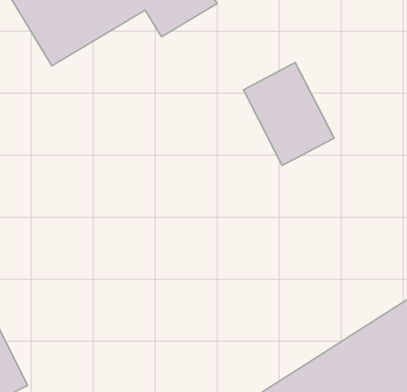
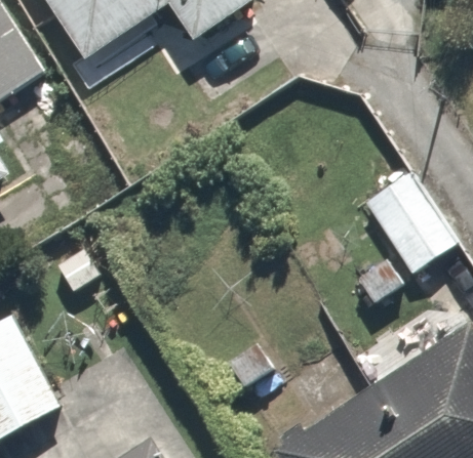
building: [243,62,334,165] -> [364,163,463,275]

